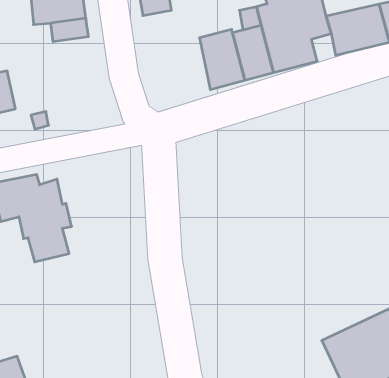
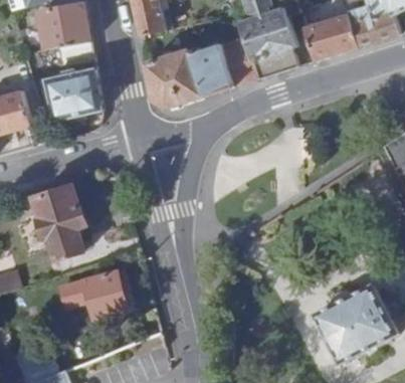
building: none -> [145,48,203,108]
building: none -> [45,66,102,117]
building: none -> [60,270,127,318]

